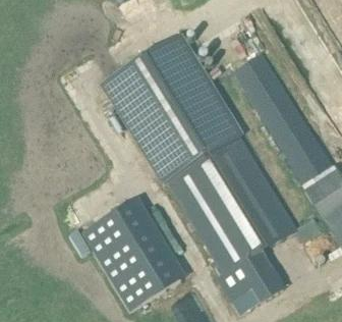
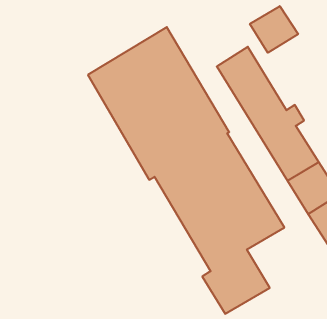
building: none -> [250,6,298,53]
building: [80,198,184,311] -> none

